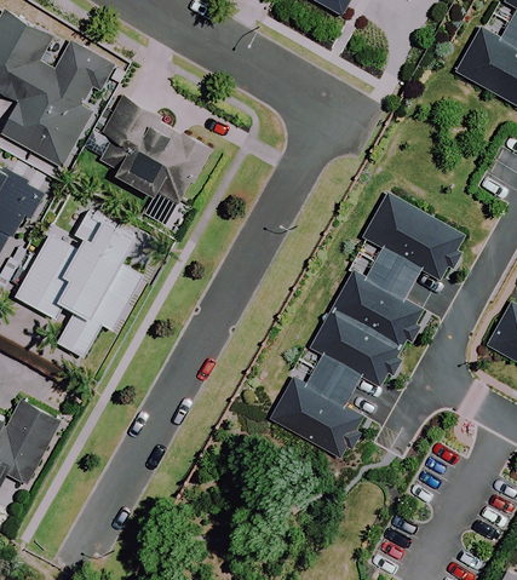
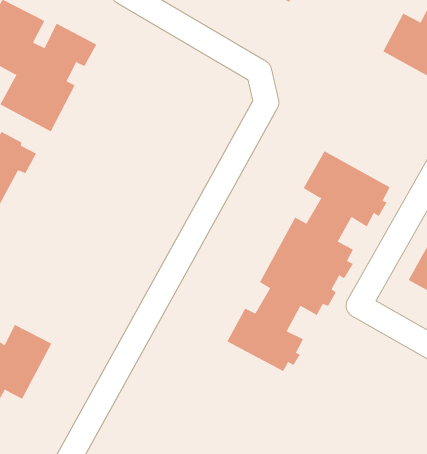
building: [100,98,212,205] -> none
building: [12,222,140,357] -> none

